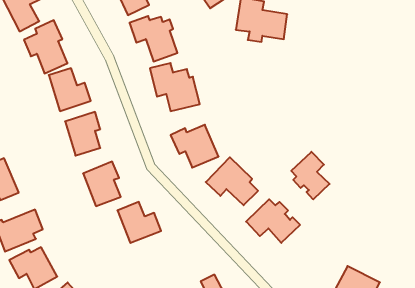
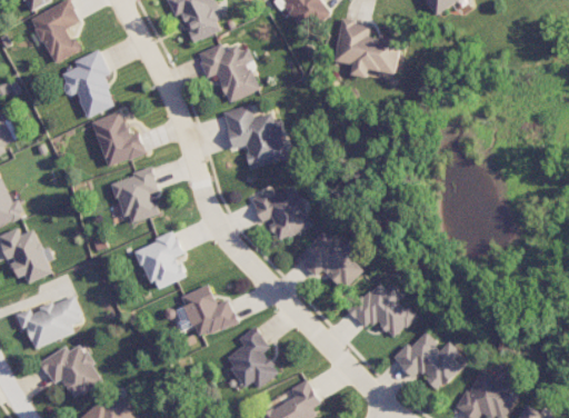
building: [291,152,330,199] -> none
building: none -> [223,327,278,389]
building: none -> [391,331,463,391]

